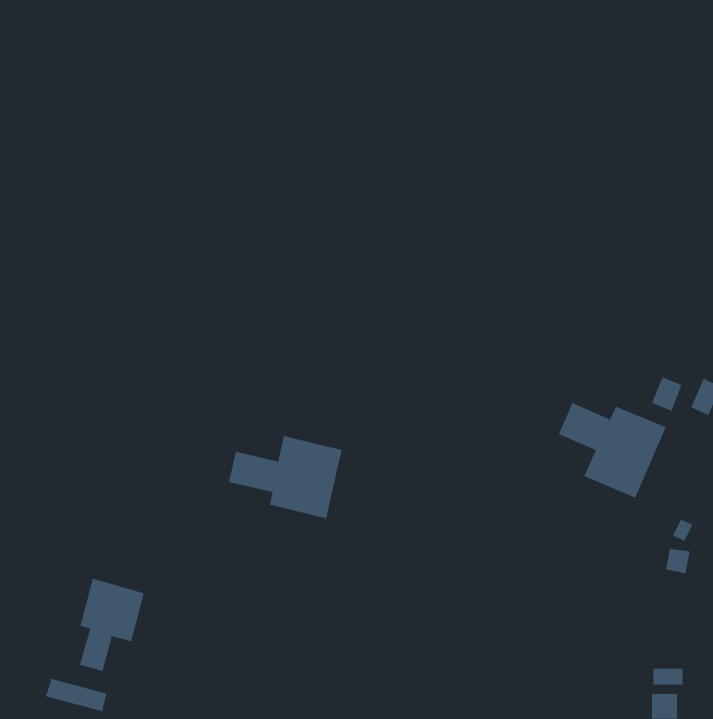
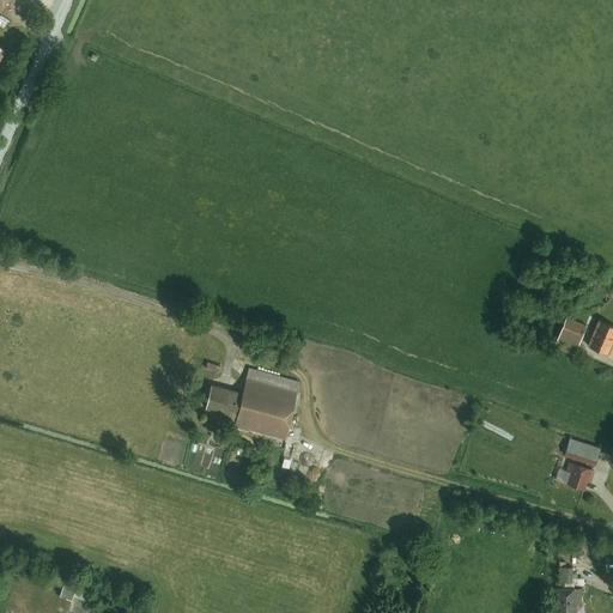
building: [558,402,667,499] -> none
building: [79,578,145,672] -> none

